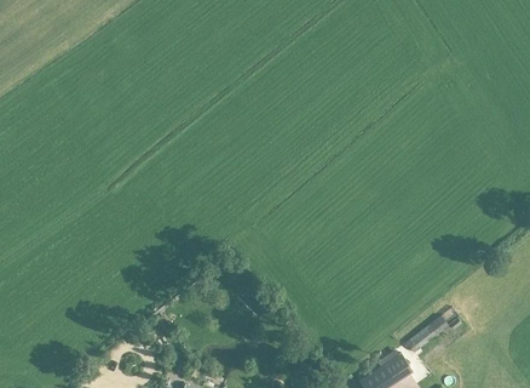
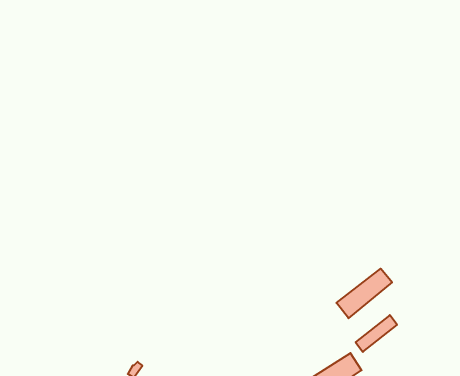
building: none -> [336,269,392,318]

